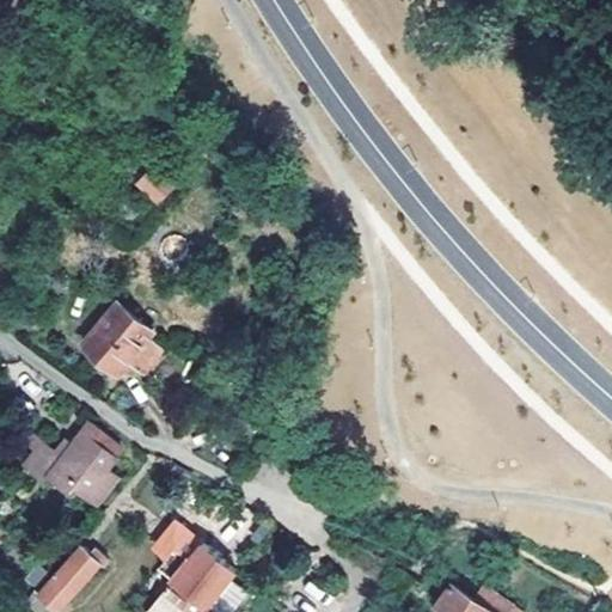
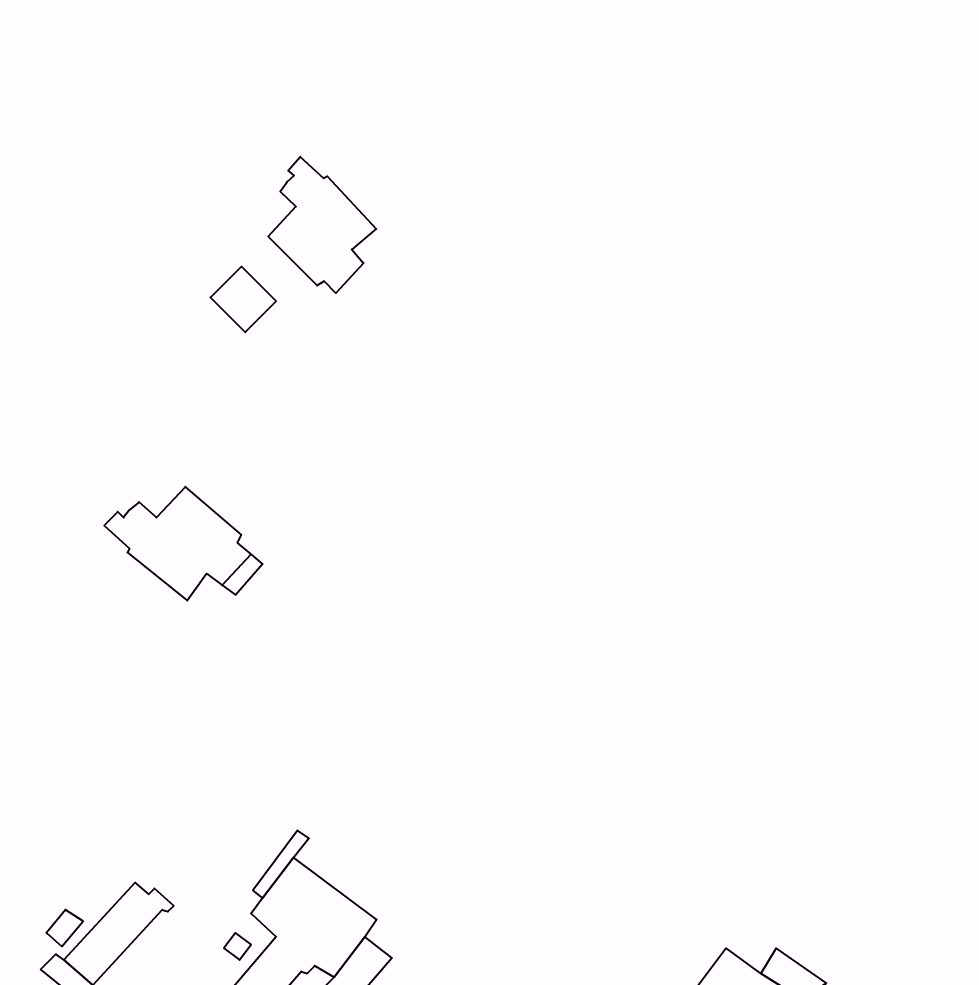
building: none -> [268,157,376,293]
building: [49,424,117,498] -> none

